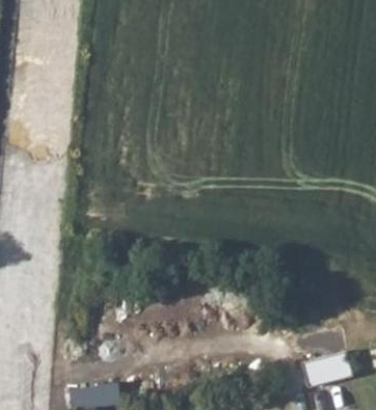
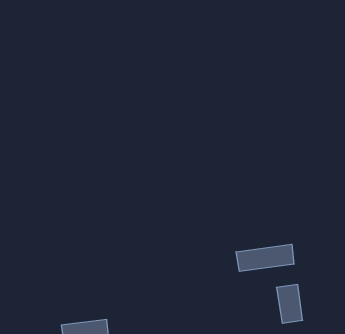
building: none -> [236,244,294,271]

